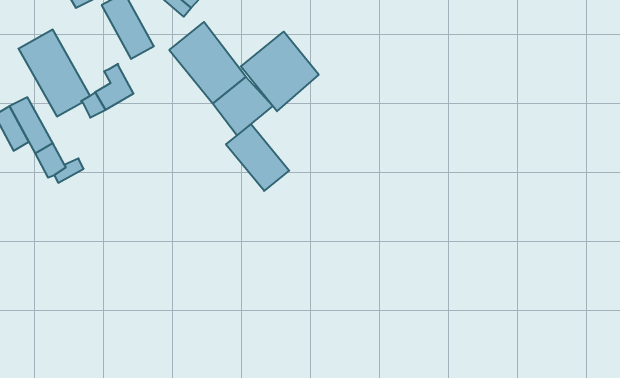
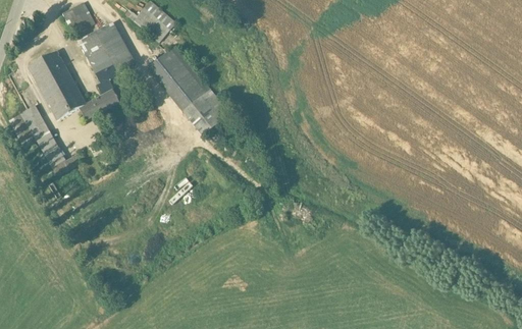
building: none -> [77,31,117,81]
building: [241,32,319,111] -> none
building: [226,124,289,191] -> none

